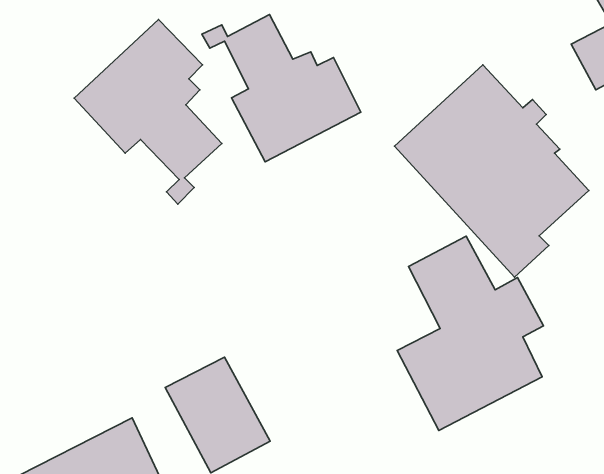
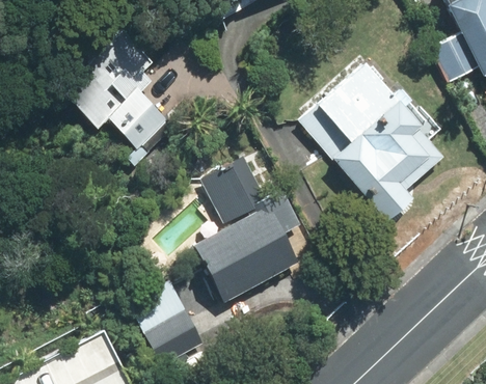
building: [202,14,361,162] -> none
building: [397,236,544,431] -> [192,158,302,304]

